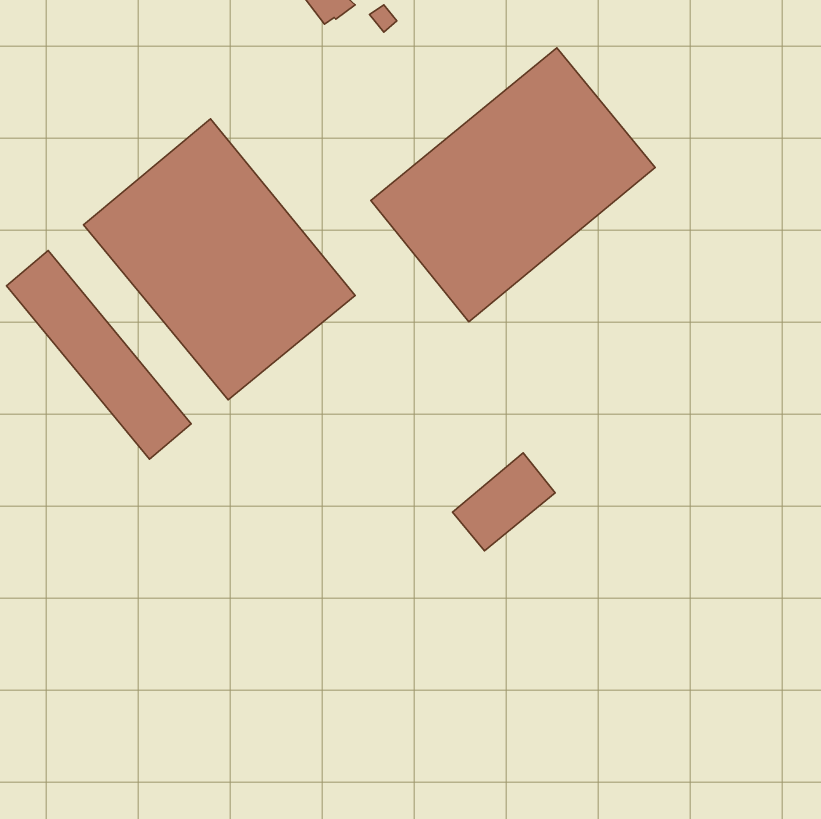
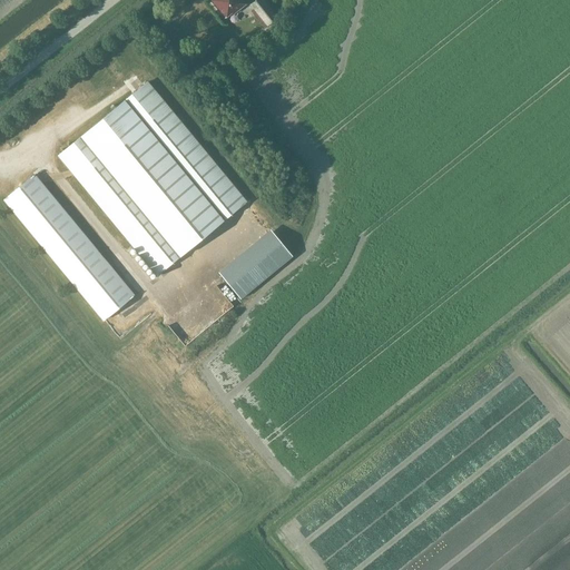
building: [371,48,655,322] -> none
building: [452,453,555,551] -> [220,229,292,297]

